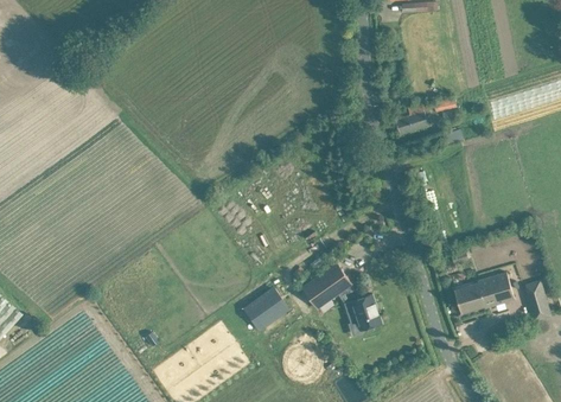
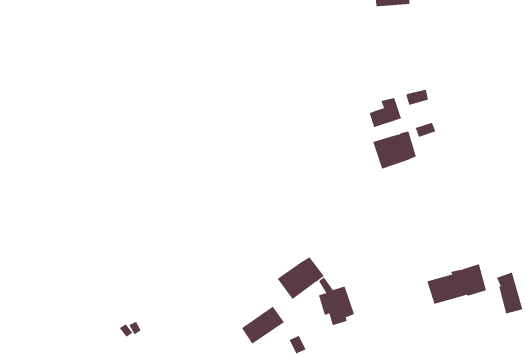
building: none -> [373,130,417,170]
building: [237,289,281,328] -> [241,306,285,345]

